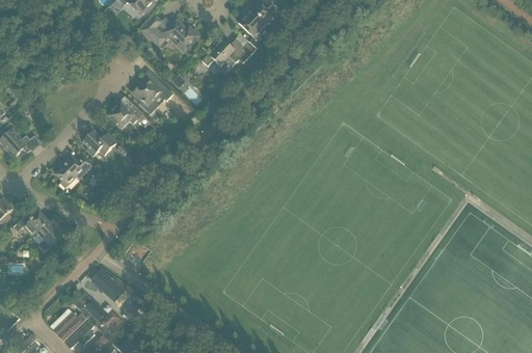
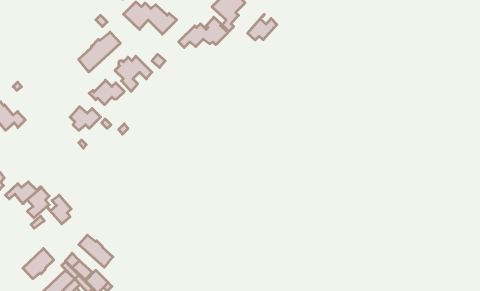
building: none -> [248,14,277,40]
building: none -> [79,32,120,72]
building: [53,153,90,186] -> none
building: none -> [47,195,71,224]
building: none -> [23,248,54,279]

